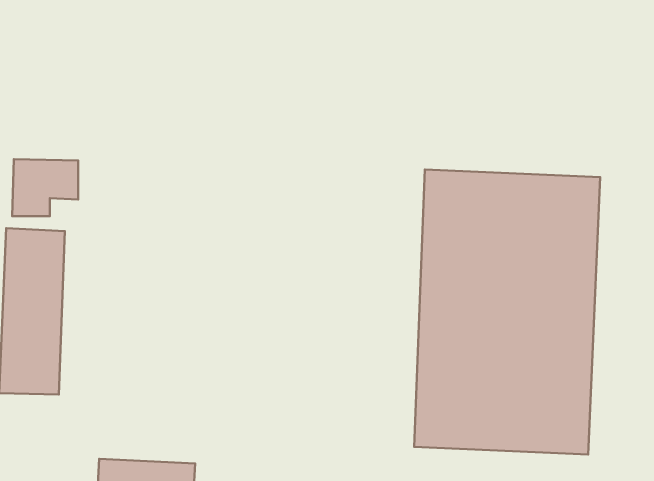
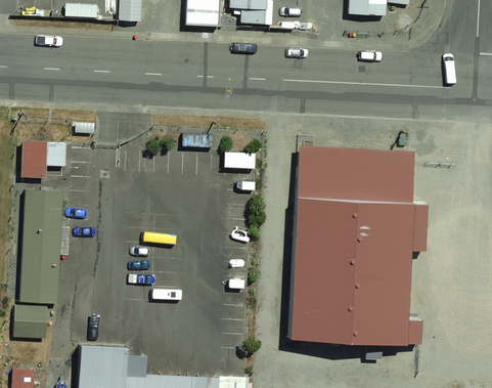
building: none -> [15,305,48,340]

